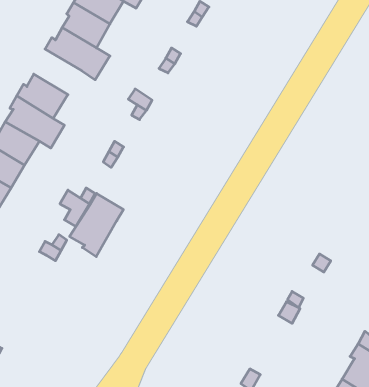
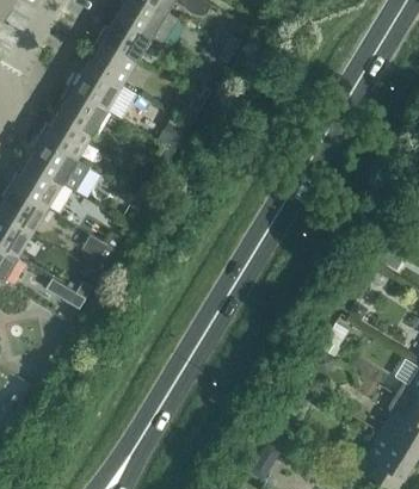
building: none -> [56,87,106,135]
building: [70,193,123,257] -> none

